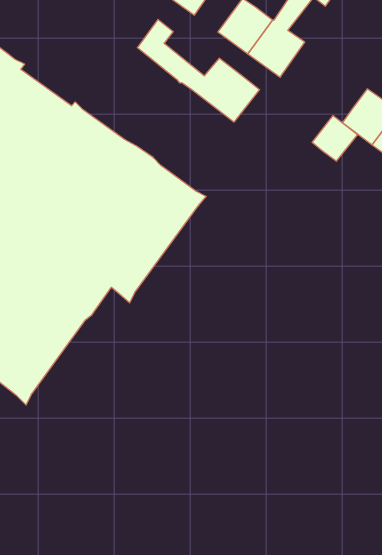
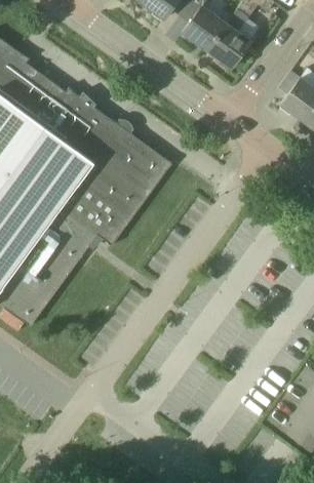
building: [137,19,259,122] -> none
building: [312,116,358,161] -> none

